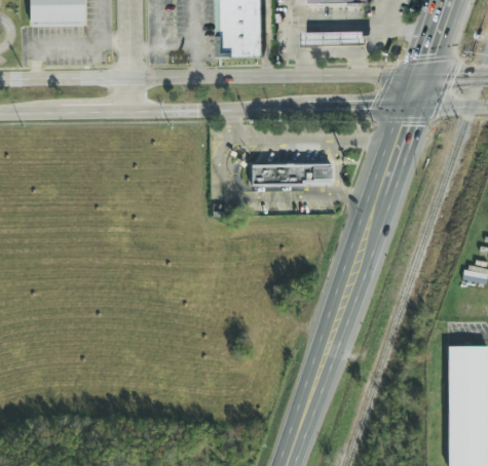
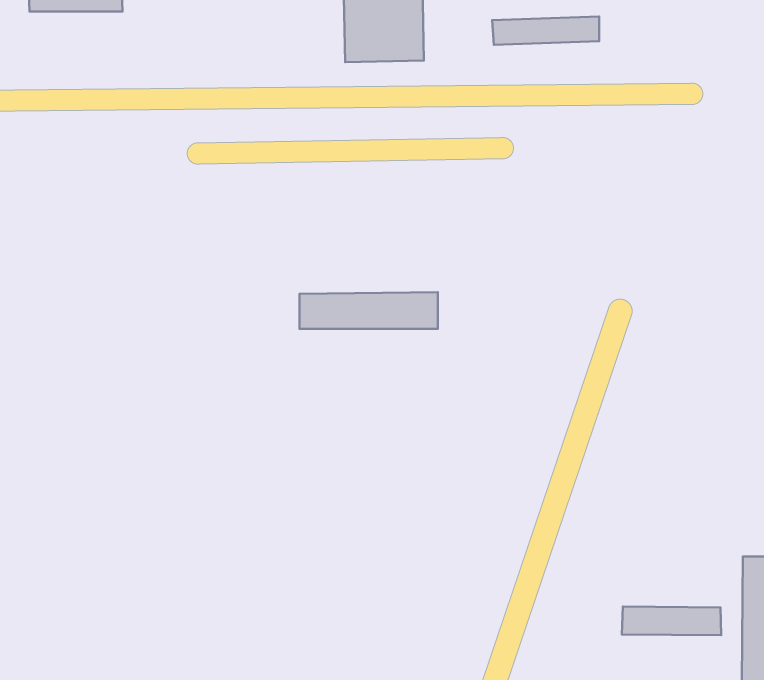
building: [251,163,332,185] -> [299,292,438,329]
building: none -> [622,607,721,635]

